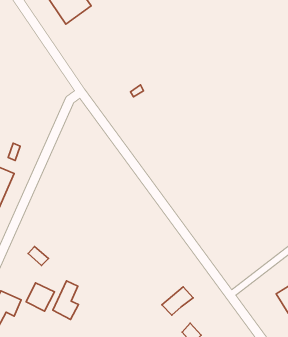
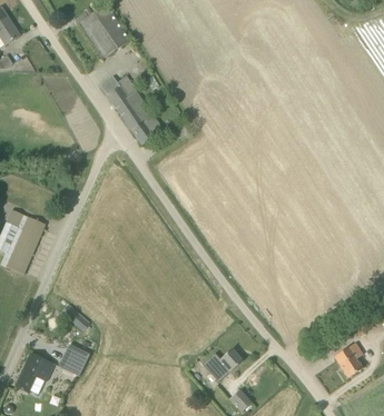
building: none -> [100,76,154,145]
building: [53,281,79,319] -> none

